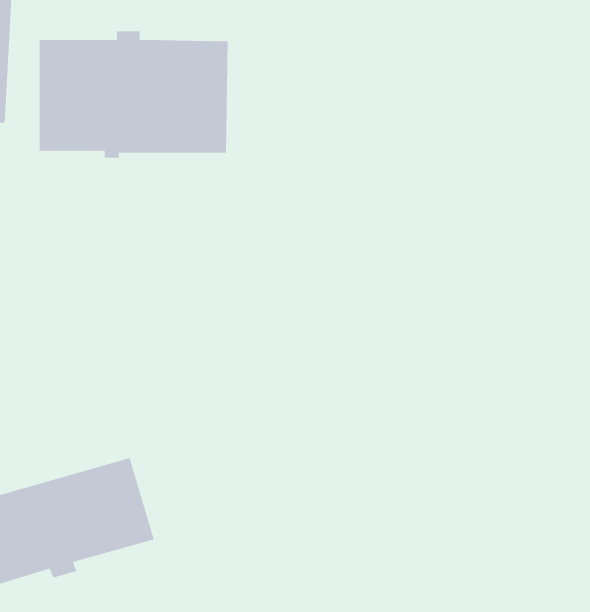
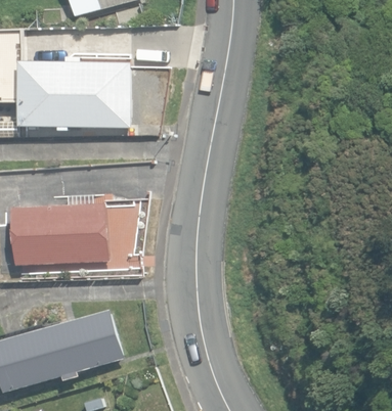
building: none -> [31,210,124,271]

